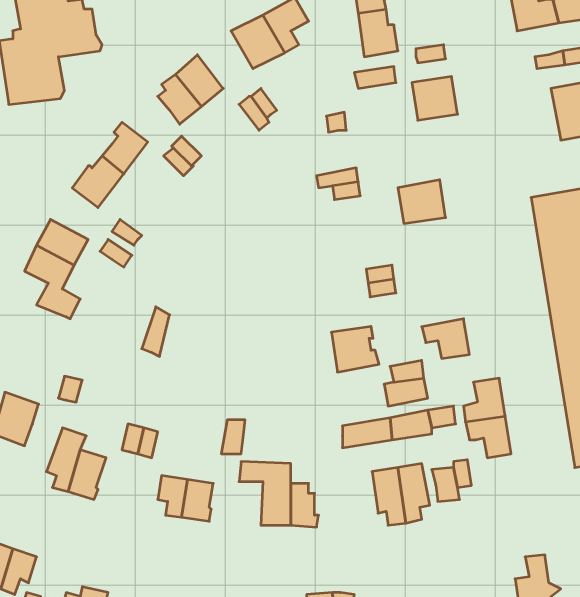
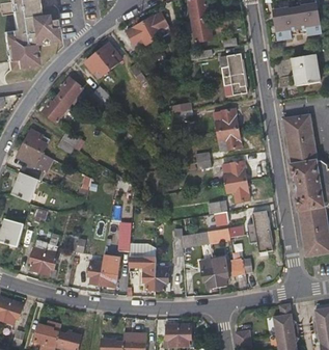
building: none -> [223,74,247,96]
building: none -> [216,128,241,151]
building: none -> [12,172,39,201]
building: [331,326,379,372] -> [222,161,247,185]

